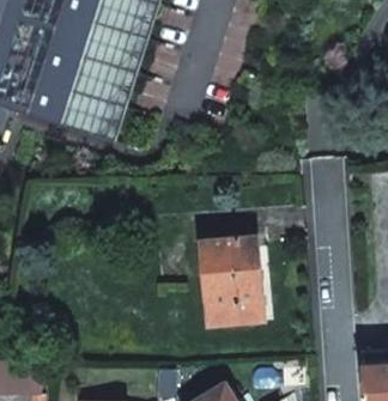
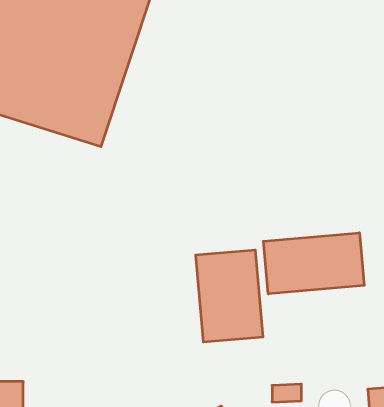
building: none -> [263,233,364,294]

